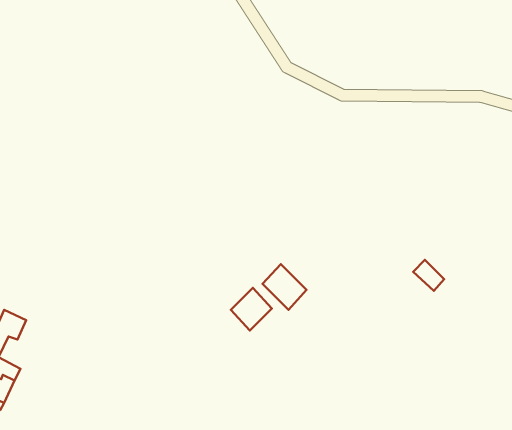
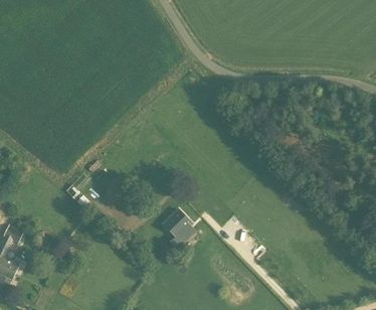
building: [263,264,307,310] -> none

